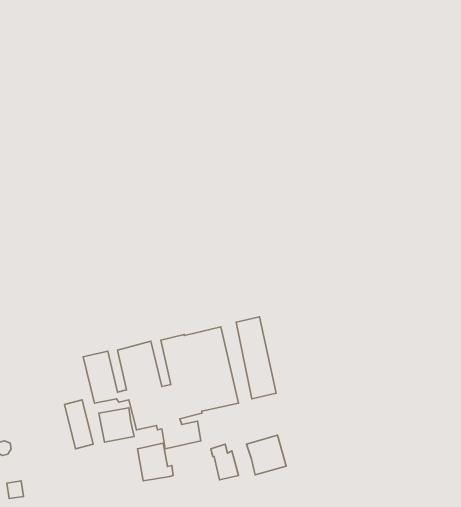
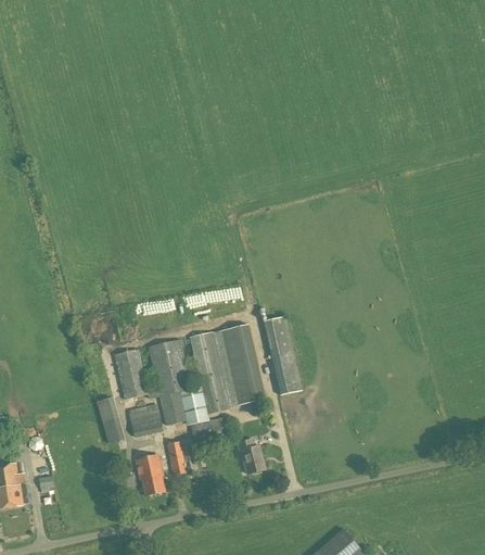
building: [247,435,286,475] -> none
building: none -> [136,454,164,495]

